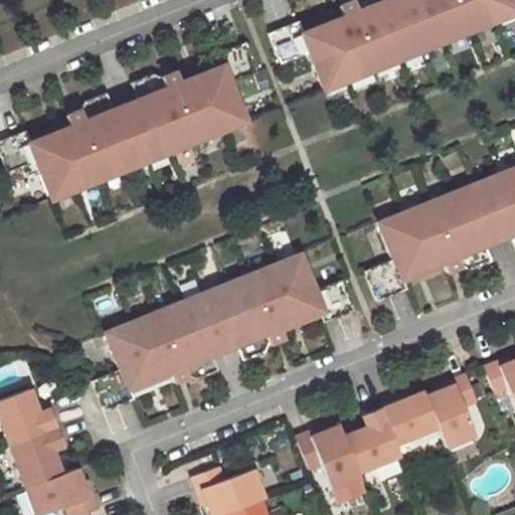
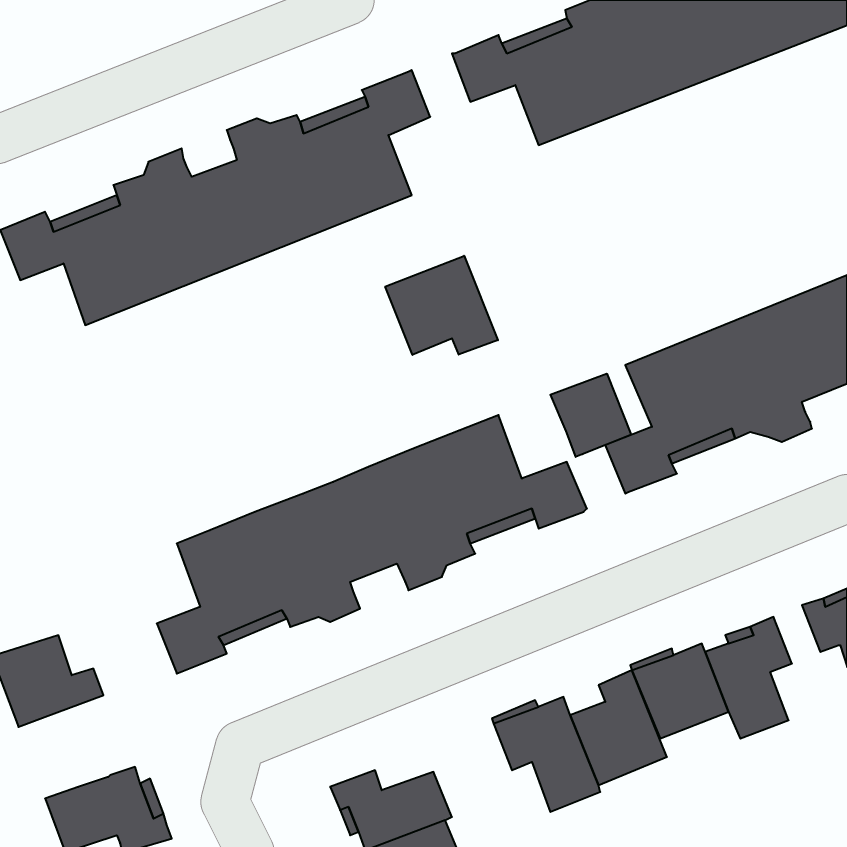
building: none -> [385,256,498,355]
building: none -> [550,374,631,457]
building: [11,422,68,485] -> none

